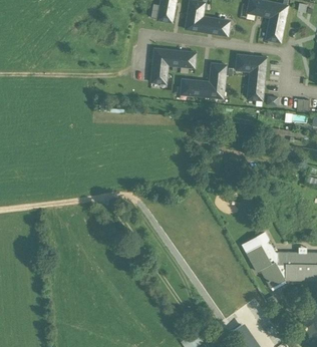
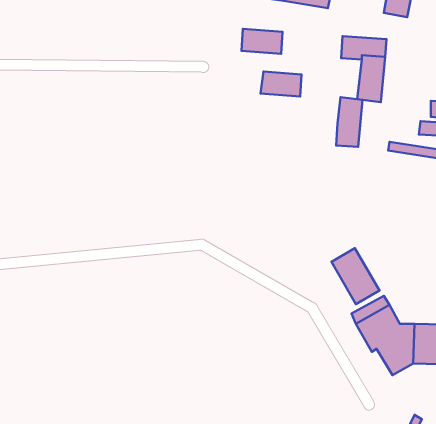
building: [150,48,168,83] -> none
building: [207,63,225,97] -> [336,97,363,147]
building: none -> [331,248,379,304]

